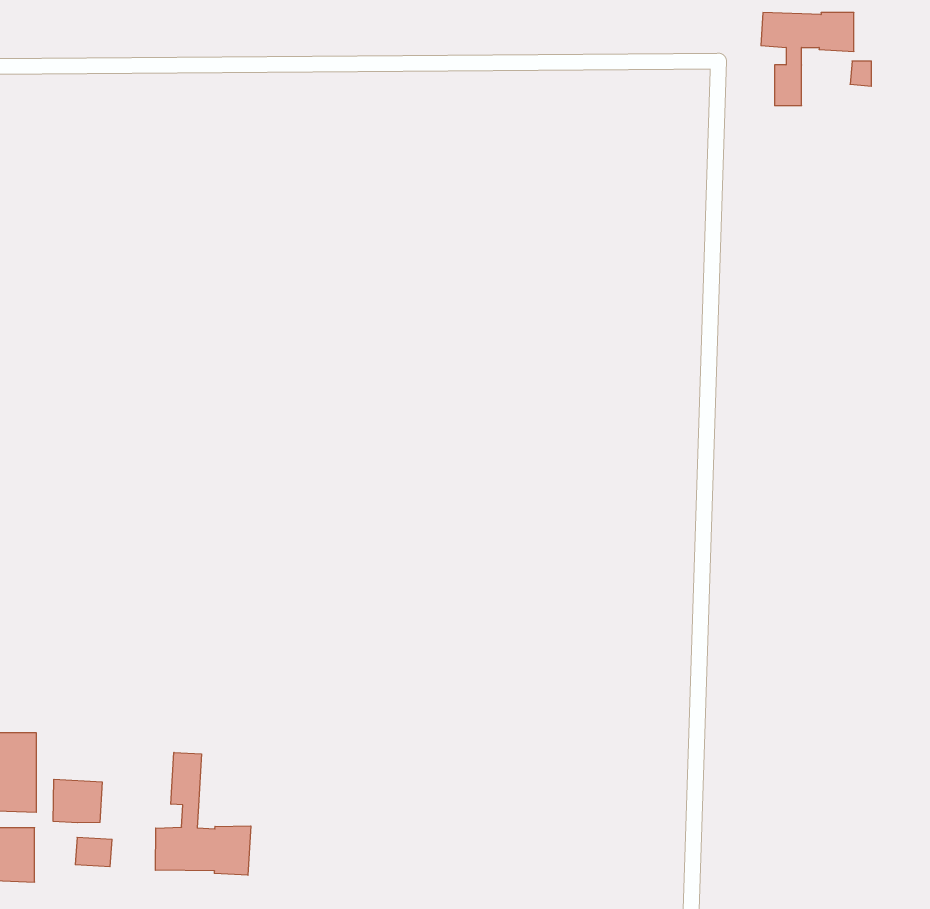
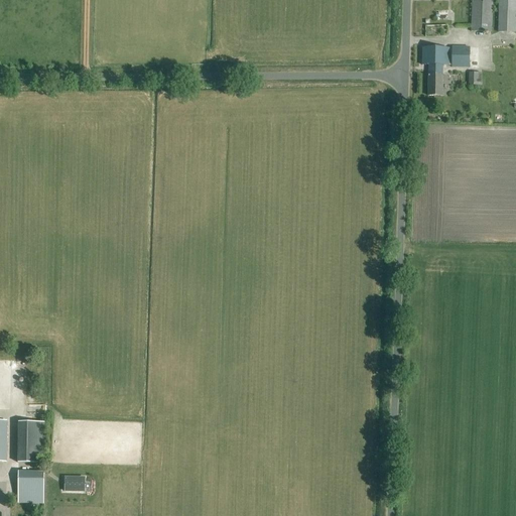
building: [155,752,251,875] -> none
building: [53,779,102,823] -> none

